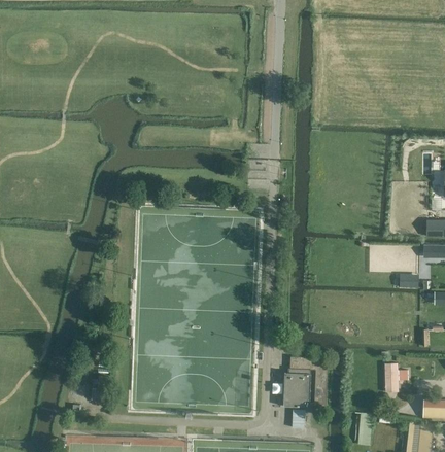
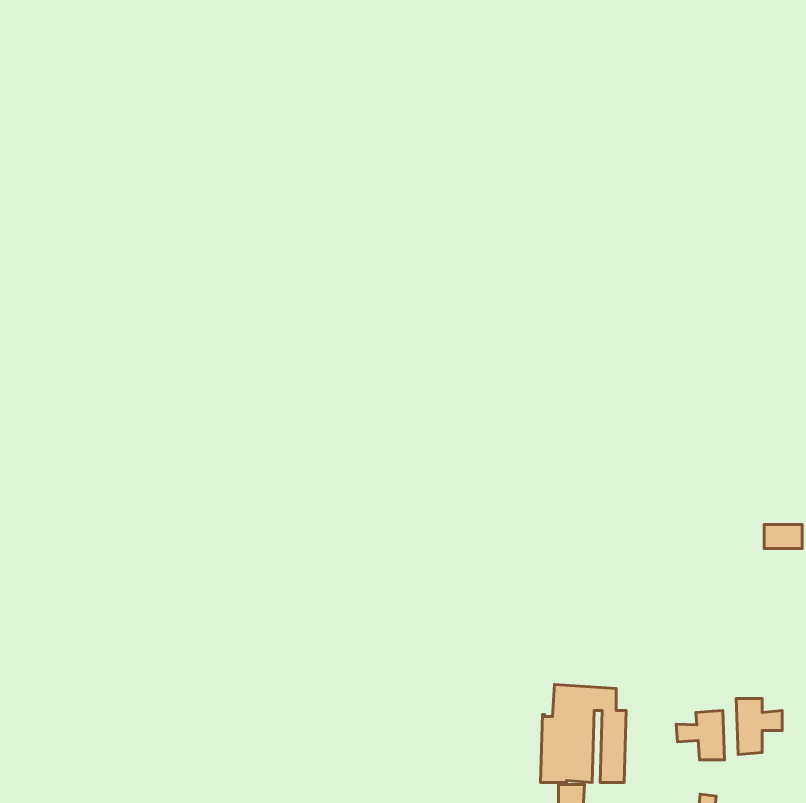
building: none -> [676,711,724,760]

